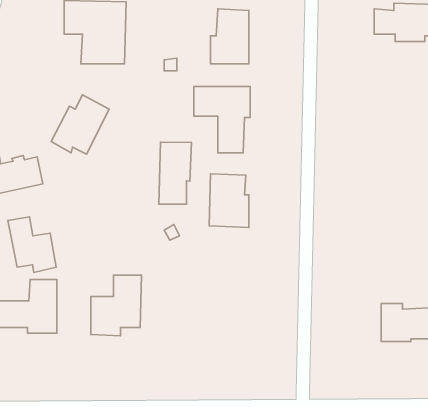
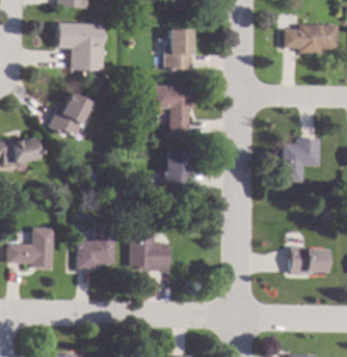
building: [159,142,191,204] -> none
building: none -> [283,138,320,182]
building: [8,217,56,272] -> none
building: none -> [130,232,168,271]

